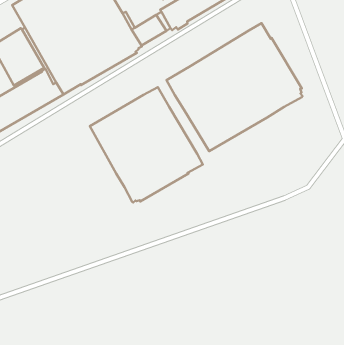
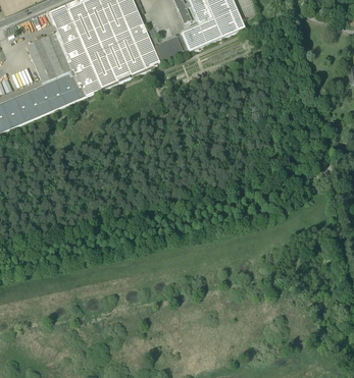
building: [167,23,303,151] -> none
building: [90,87,203,202] -> none

